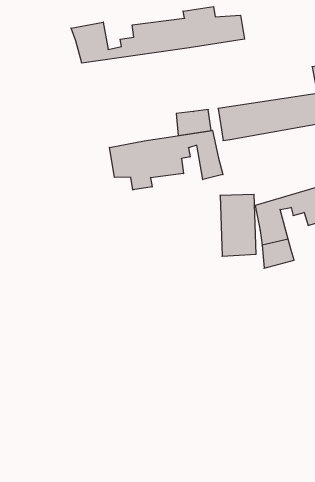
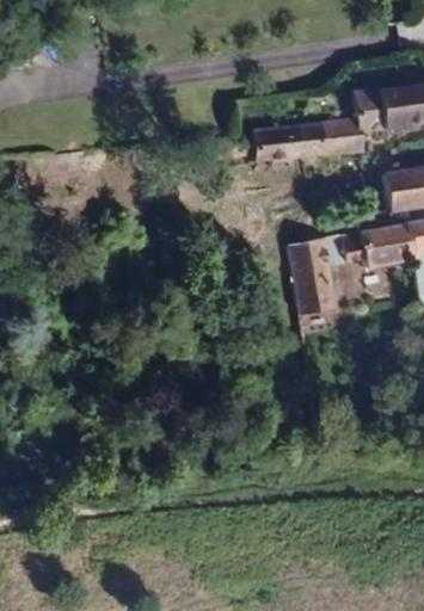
building: [71,7,245,63] -> none
building: [109,130,223,190] -> none

